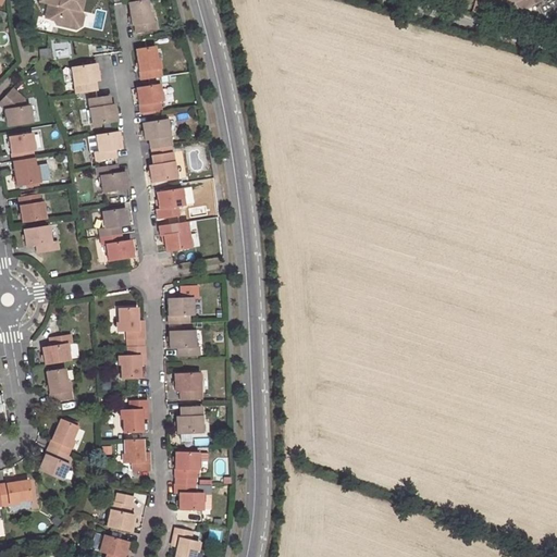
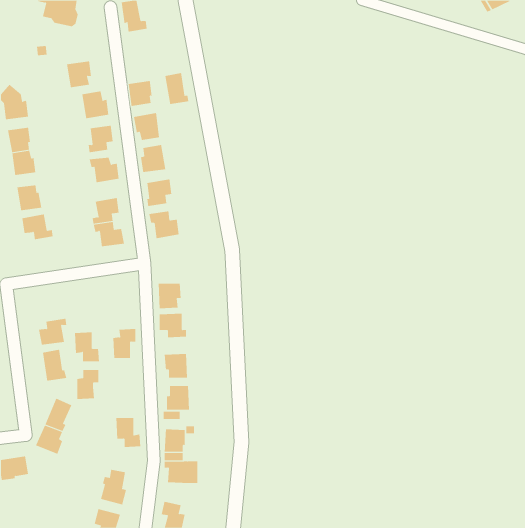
building: [137,46,163,79] -> [164,73,189,105]
building: [119,308,146,339] -> [74,332,100,362]
building: [124,400,148,432] -> [76,370,99,400]

